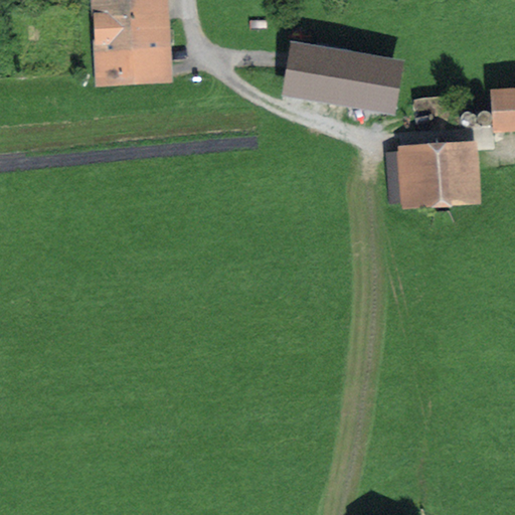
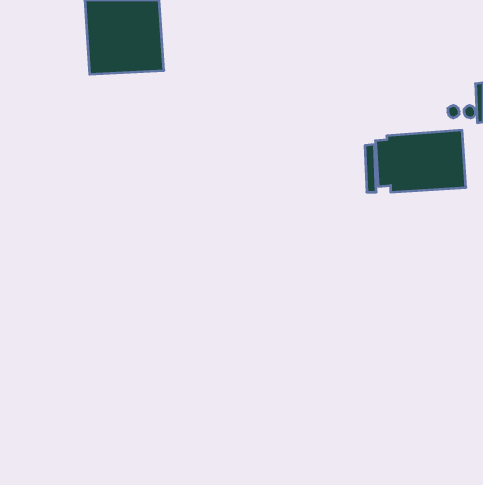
building: [282,43,401,109] -> none

